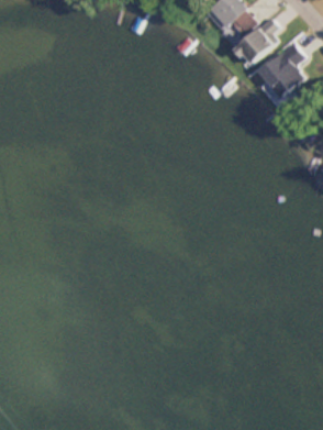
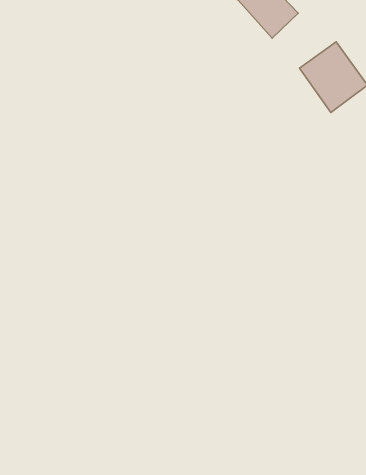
building: [237,18,279,60] -> none

